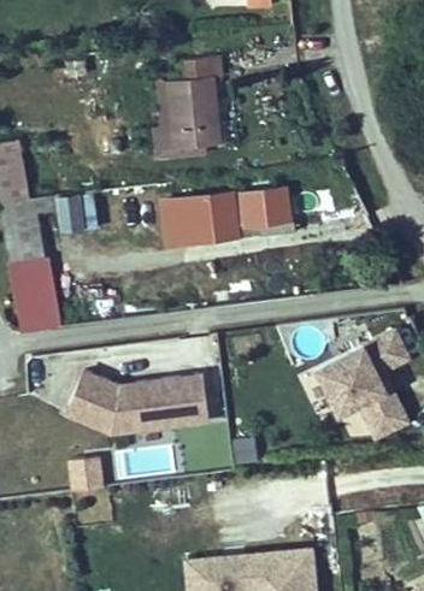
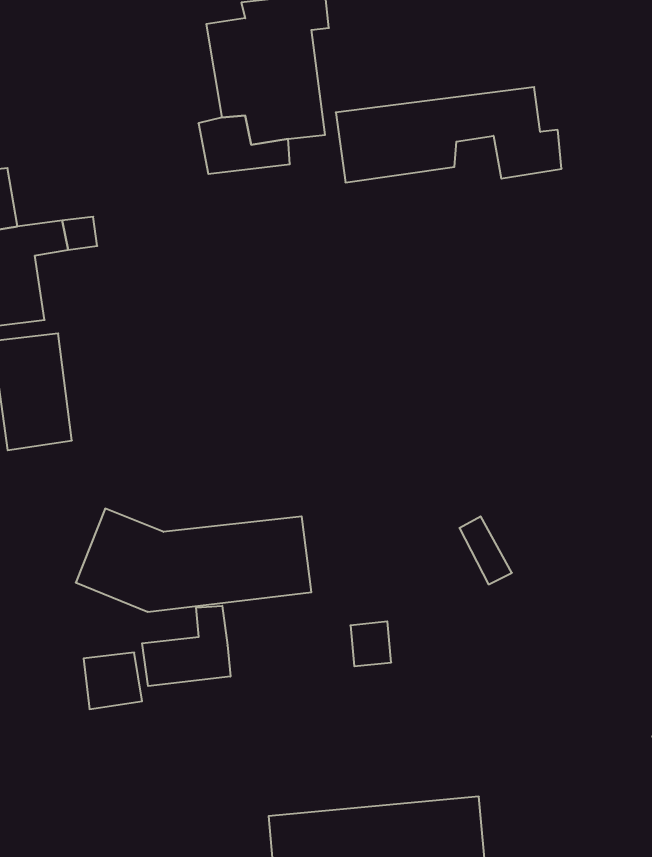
building: [169,179,308,238] -> [336,87,562,182]
building: [314,327,412,443] -> none
building: none -> [142,606,230,686]

